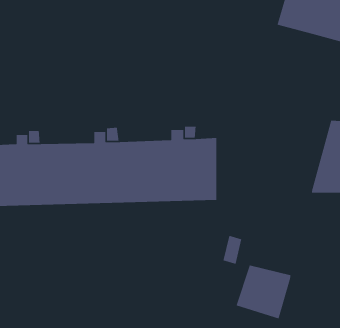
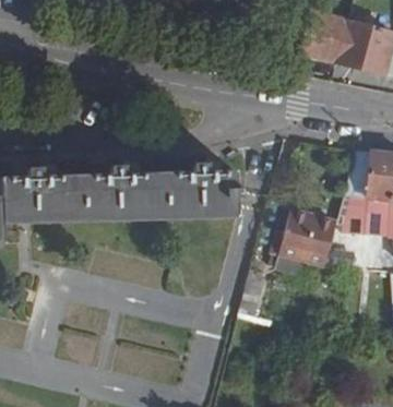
building: [236,264,292,319] -> [276,212,335,270]

